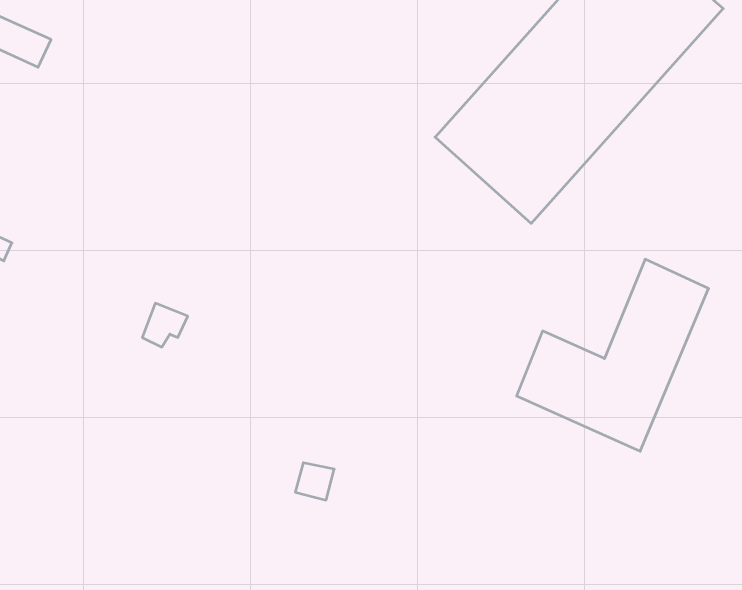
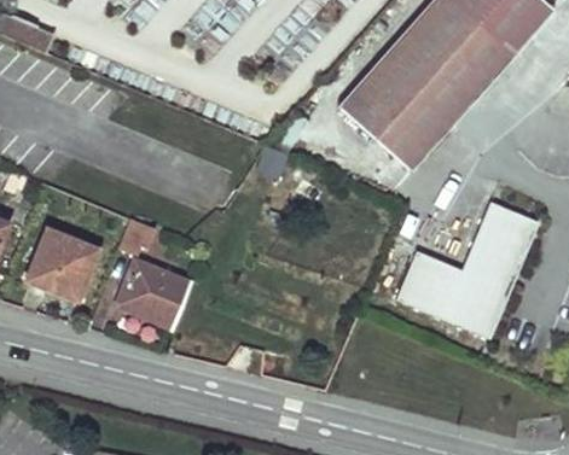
building: none -> [27,235,98,308]
building: none -> [117,267,192,334]

